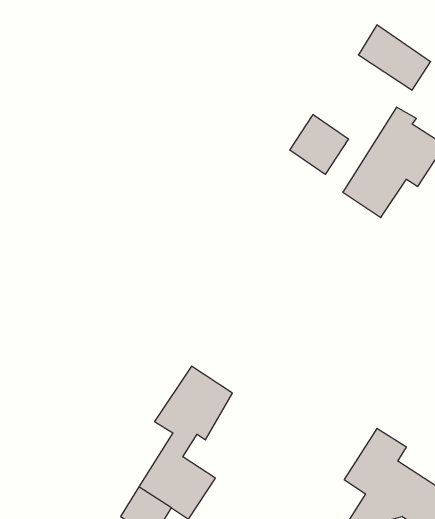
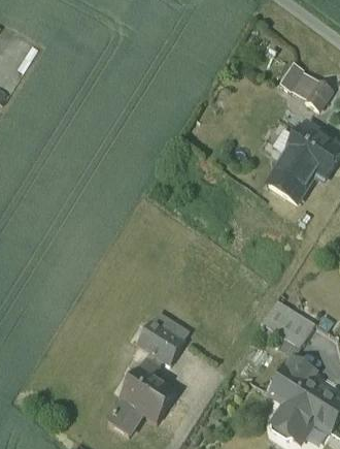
building: [290,115,349,174] -> none
building: none -> [261,297,314,346]

